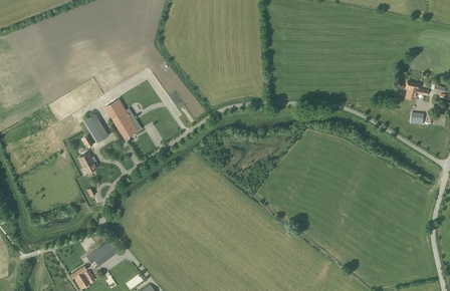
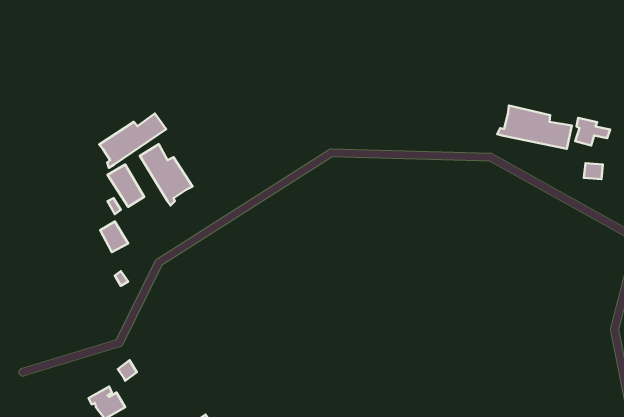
building: none -> [497,105,572,149]
building: none -> [99,113,166,168]

